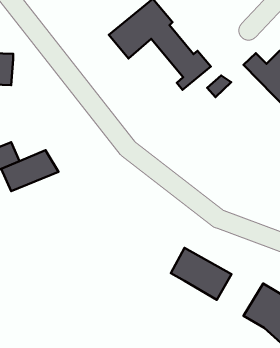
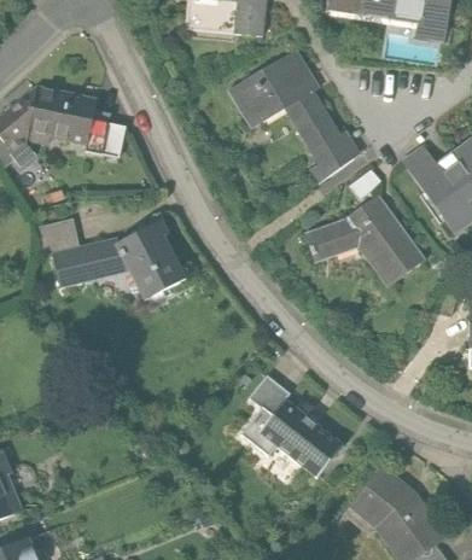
building: none -> [82,104,123,153]
building: none -> [304,198,424,286]
building: none -> [118,218,186,293]
building: none -> [240,373,289,453]

